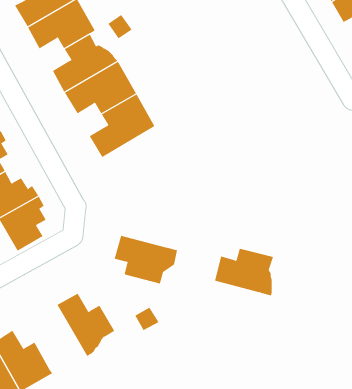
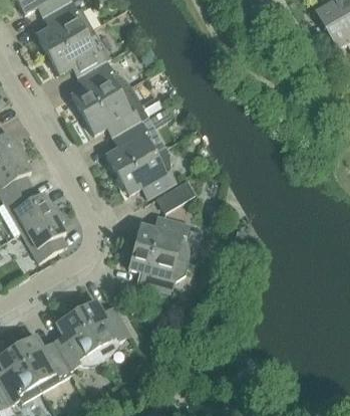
building: none -> [116,145,174,194]
building: none -> [156,179,194,210]
building: [214,248,274,296] -> [133,215,189,259]
building: none -> [54,309,102,369]

